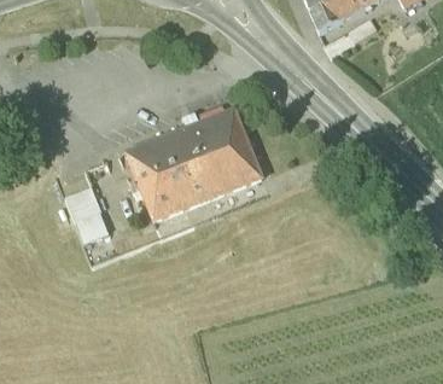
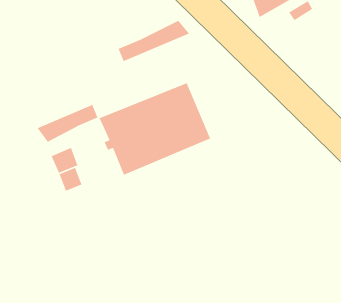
building: none -> [118,20,190,62]
building: none -> [37,104,98,143]

